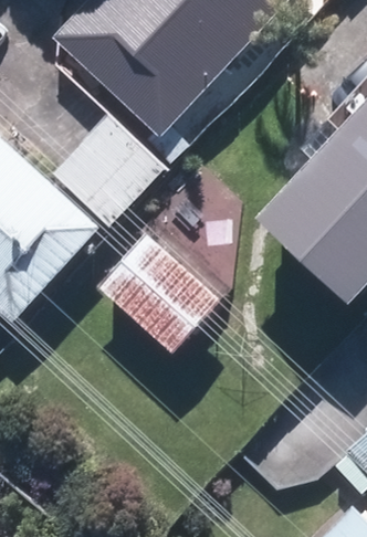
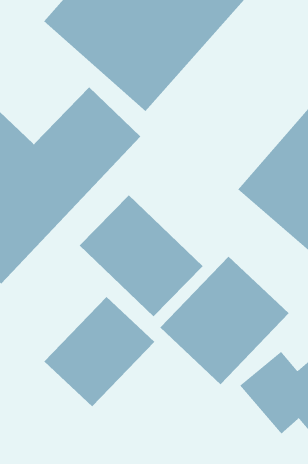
building: none -> [159,256,290,385]
building: none -> [44,296,155,407]

